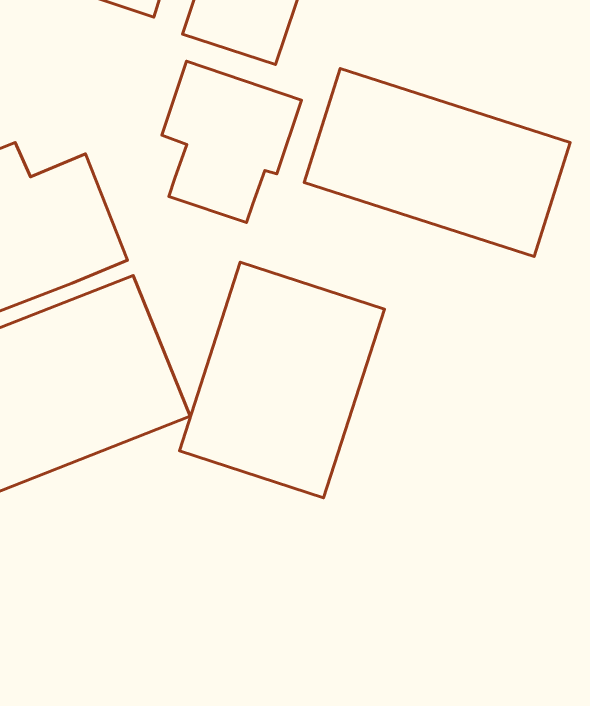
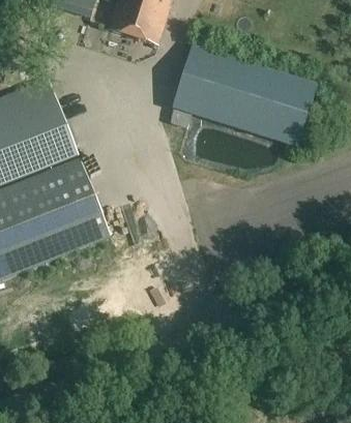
building: [162,61,302,222] -> none
building: [179,262,384,498] -> none

